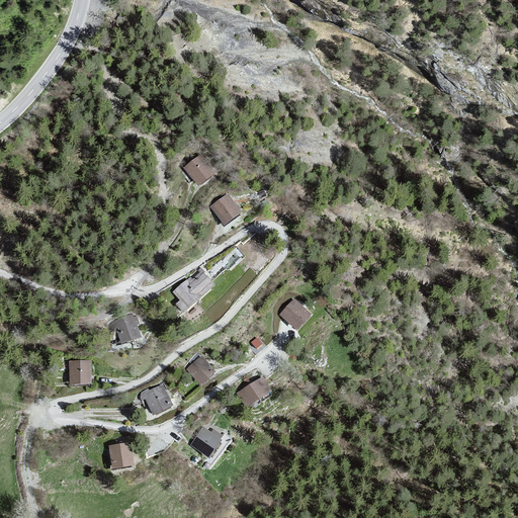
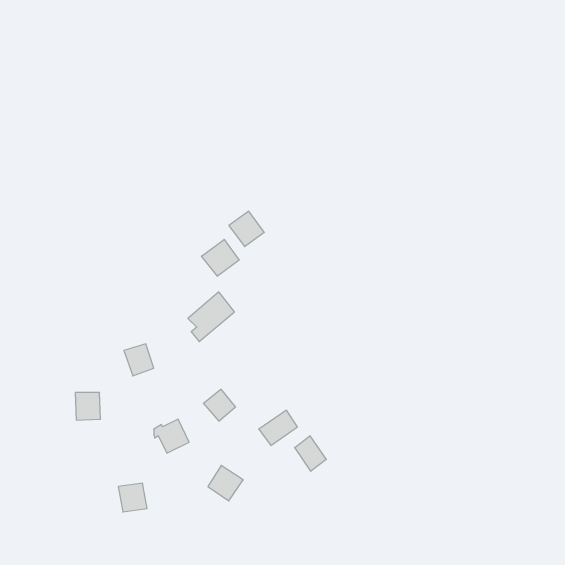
building: [183,154,215,186] -> none
building: none -> [201,239,239,276]
building: [279,298,313,331] -> none
building: none -> [295,436,326,471]

